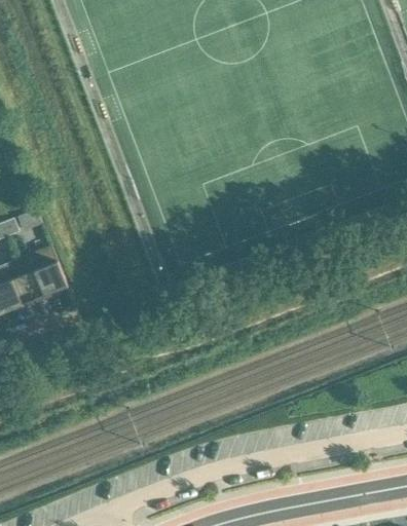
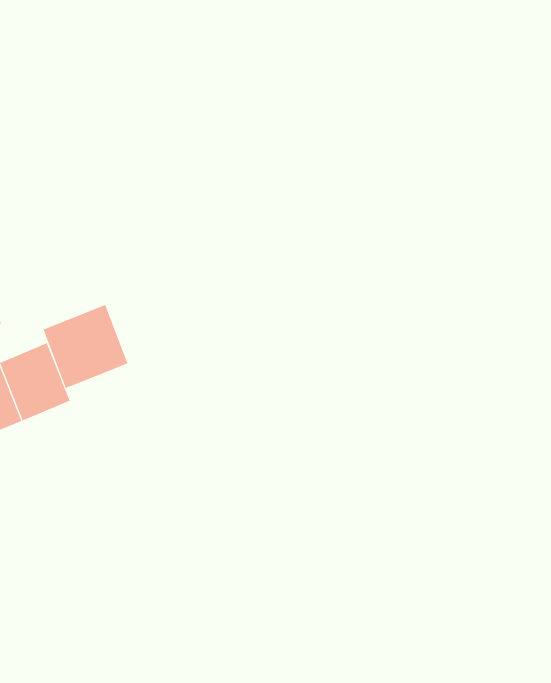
building: none -> [43,304,128,389]

